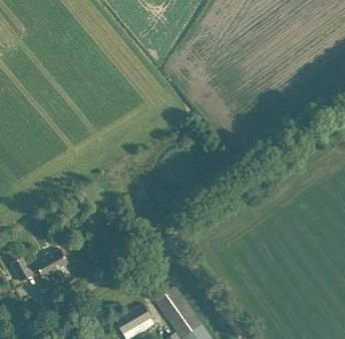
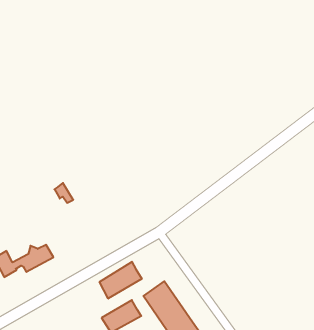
building: none -> [100,262,142,299]

